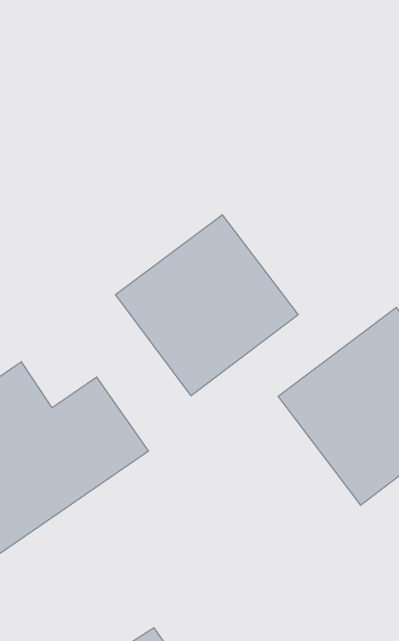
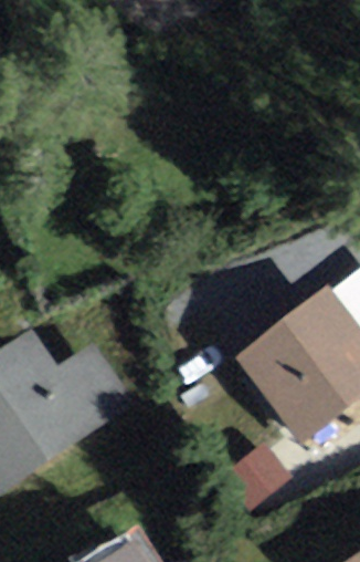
building: [115,215,298,396] -> none

